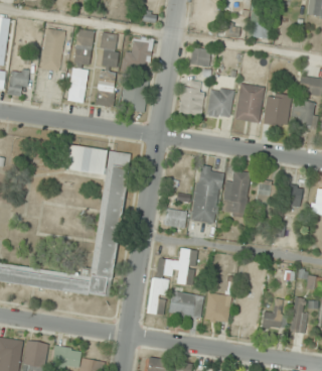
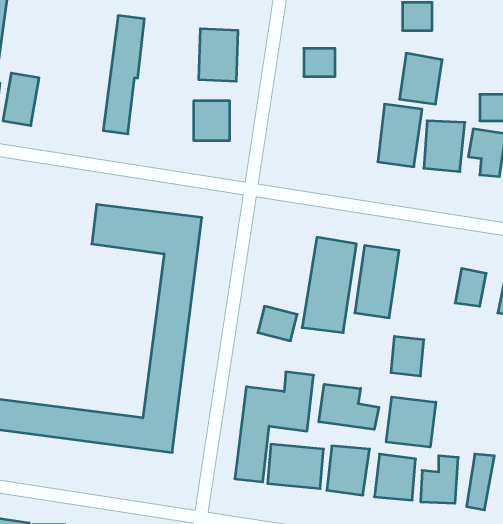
building: [42,29,63,71] -> none
building: [100,33,117,66] -> none
building: [97,72,115,105] -> none
building: [180,81,205,116] -> none
building: [207,87,233,118] -> [399,53,442,104]
building: [257,182,277,207] -> [391,336,424,376]
building: none -> [319,384,379,429]
building: none -> [386,397,436,447]

